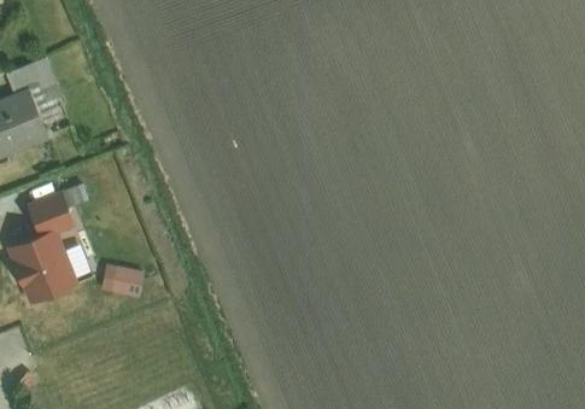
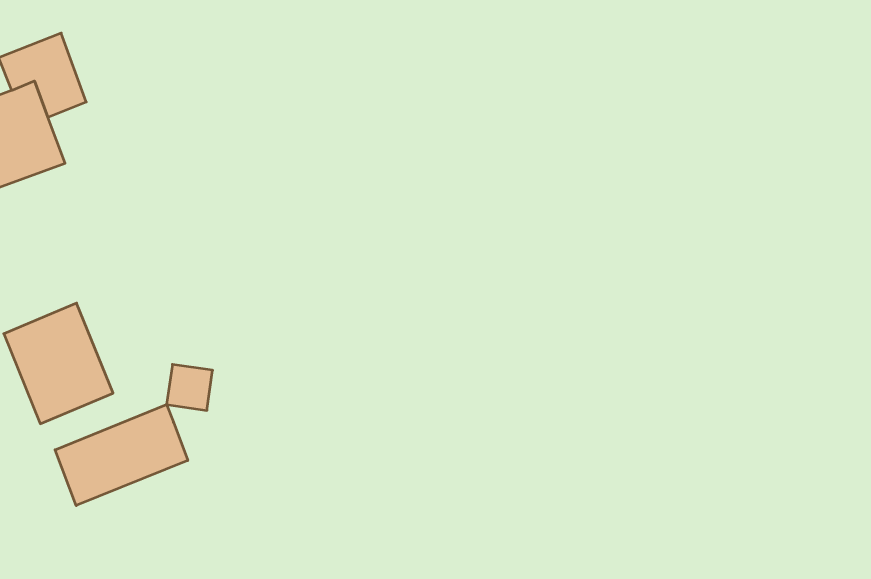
building: [27,193,72,236] -> none
building: none -> [55,405,188,506]

